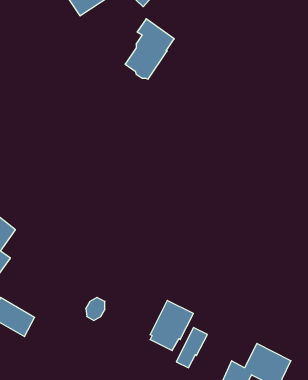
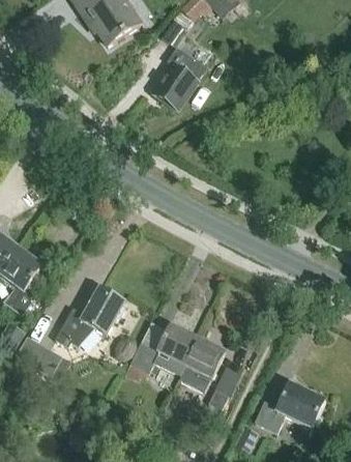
building: none -> [56,287,125,347]
building: none -> [130,324,199,373]

